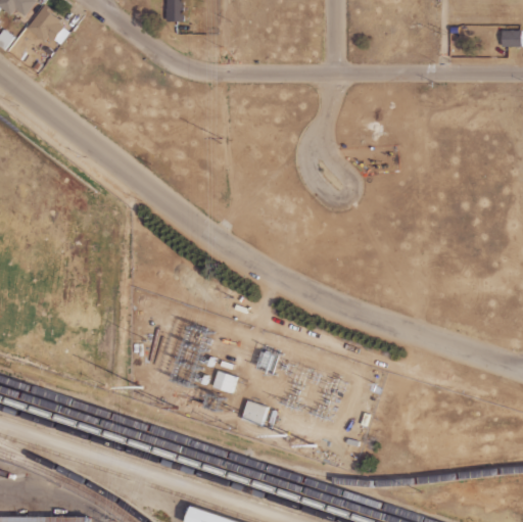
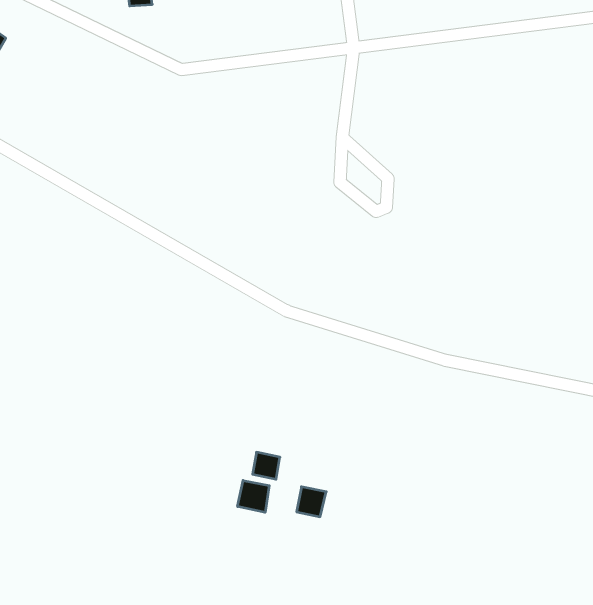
building: none -> [238,480,269,512]

